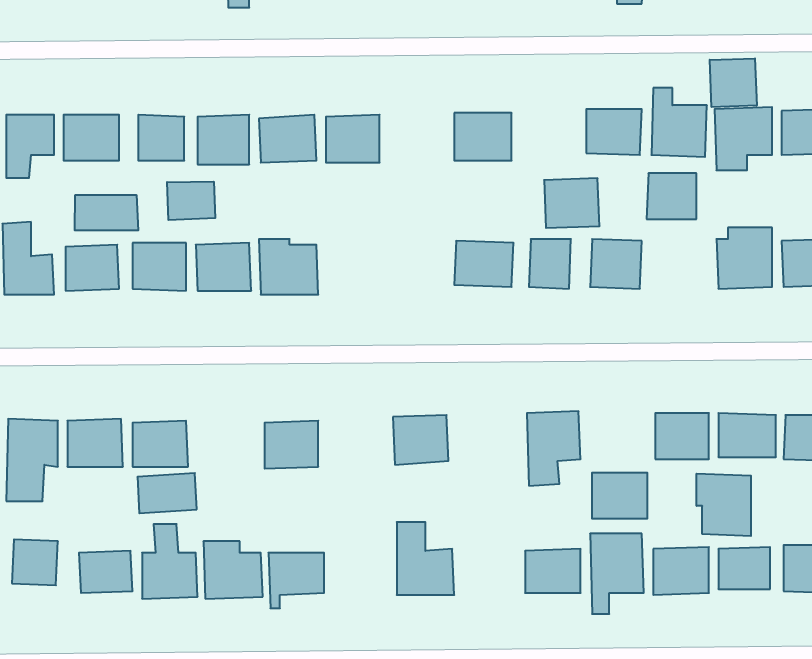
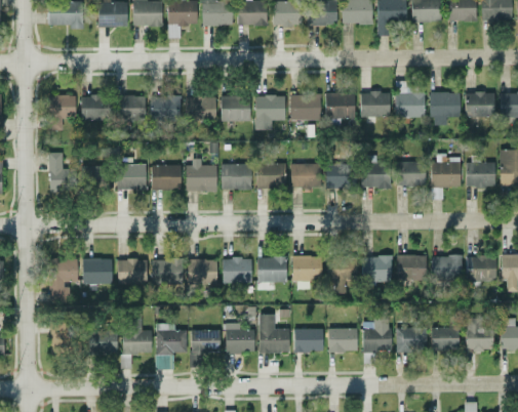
building: [710,58,757,107] -> none
building: none -> [254,95,284,130]
building: [647,173,696,219] -> [398,162,425,187]
building: [544,178,600,228] -> [325,92,355,119]
building: [167,182,215,220] -> none
building: [75,195,138,230] -> none
building: none -> [255,163,285,189]
building: none -> [221,164,251,190]
building: none -> [292,255,321,281]
building: none -> [222,258,251,283]
building: [592,473,647,519] -> [361,256,391,281]
building: [137,473,197,513] -> [151,258,183,280]
building: [697,474,751,536] -> none
building: none -> [225,323,254,352]
building: none -> [293,328,323,352]

